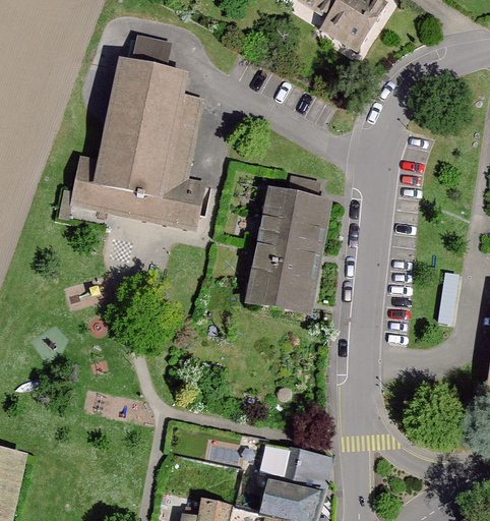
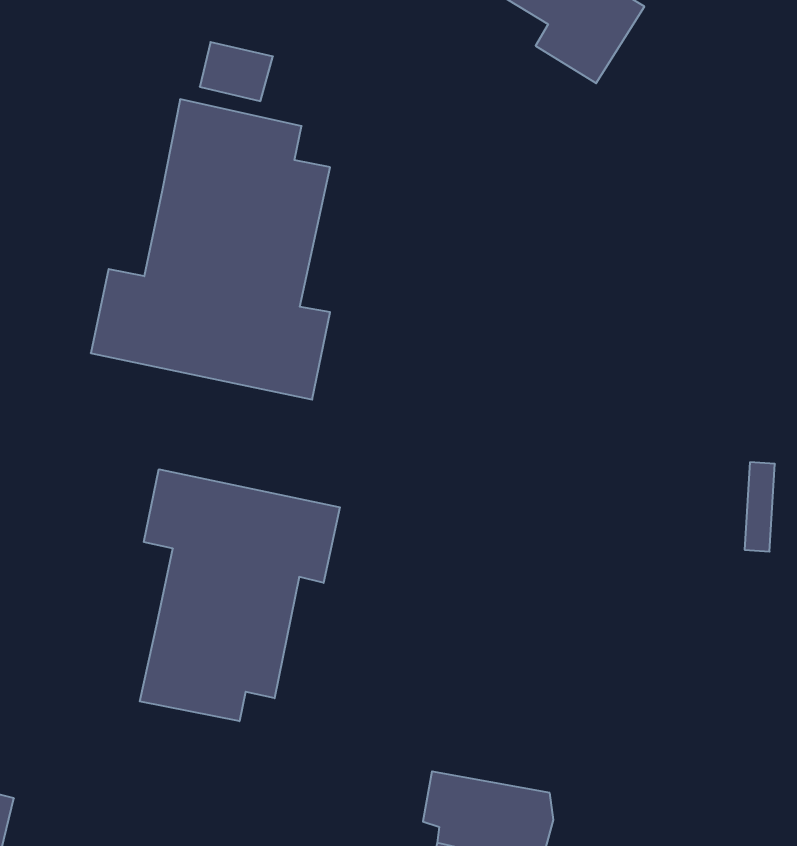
building: [244,188,333,316] -> none
building: none -> [140,469,340,721]

